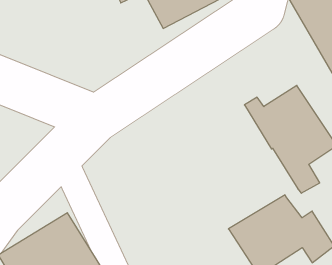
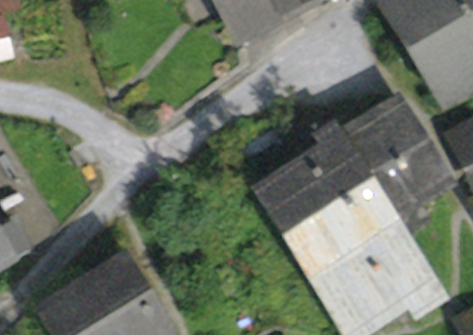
building: none -> [263,125,399,276]

